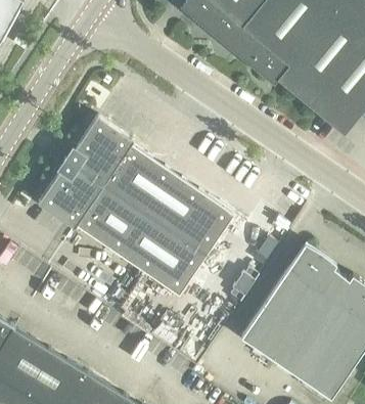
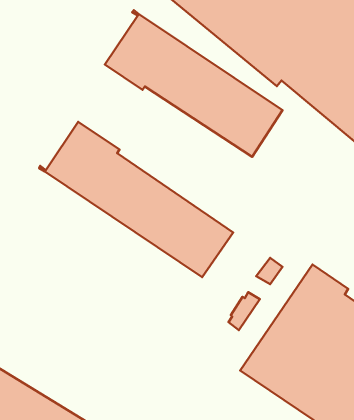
building: none -> [105,10,283,157]
building: [38,161,208,296] -> none

